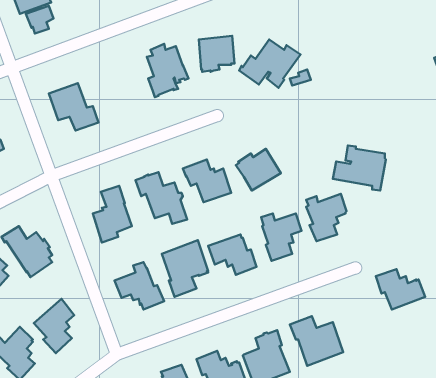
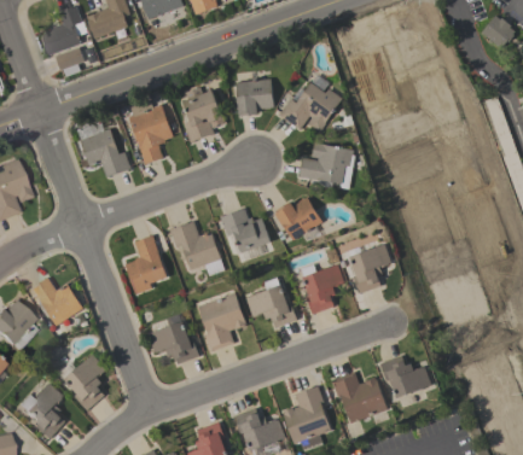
building: none -> [129,100,173,164]
building: [333,146,386,191] -> [300,141,355,188]
building: [376,269,425,310] -> [380,356,432,398]

